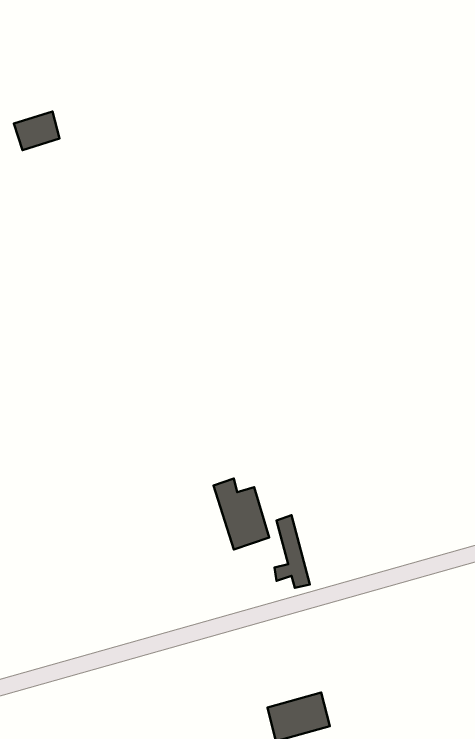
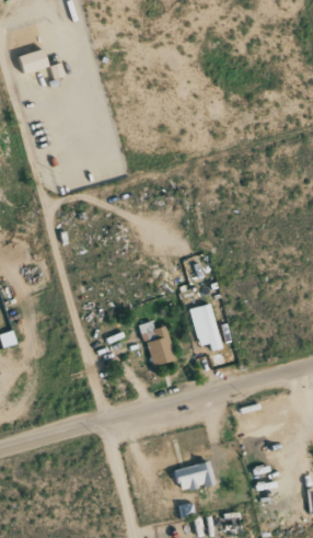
building: [14,112,59,150] -> [19,48,48,73]
building: [275,515,310,588] -> [199,302,222,350]

